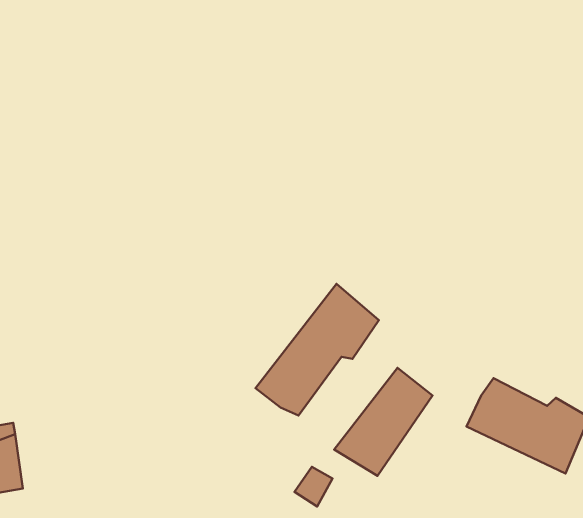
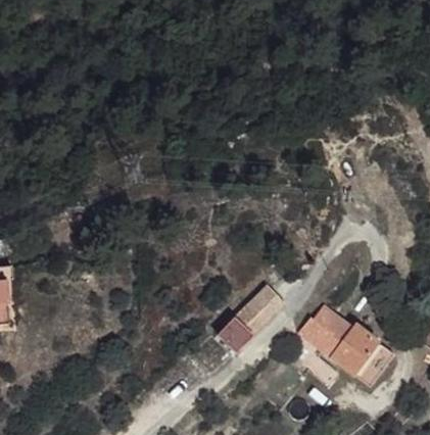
building: [256,284,379,416] -> none

